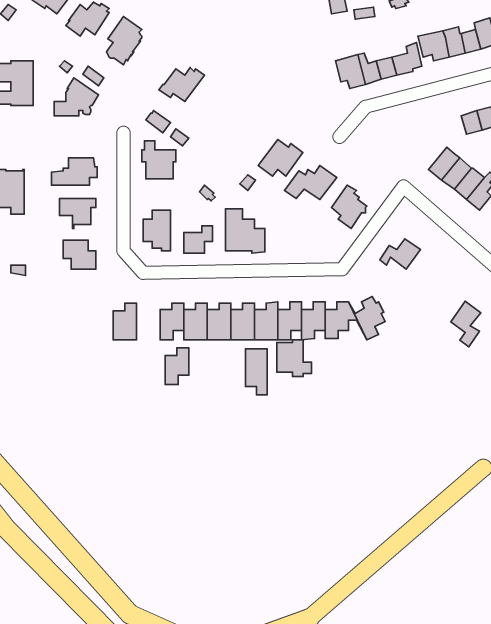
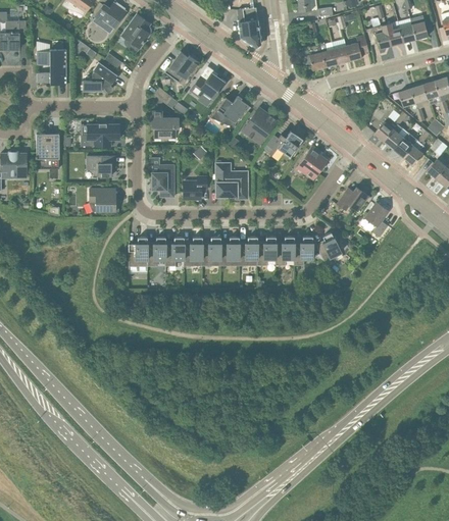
building: none -> [237,8,261,47]
building: none -> [190,74,227,99]
building: none -> [210,85,248,123]
building: [451,301,481,347] -> [365,202,389,238]
building: [277,340,312,376] -> none
building: [165,348,189,384] -> [147,238,165,266]
building: [246,349,267,395] -> none

